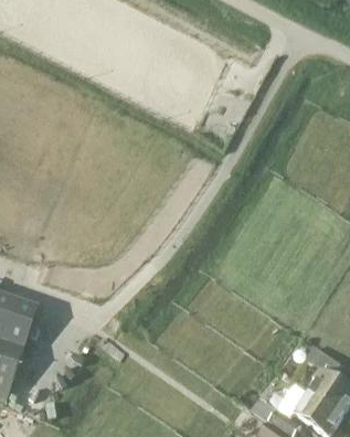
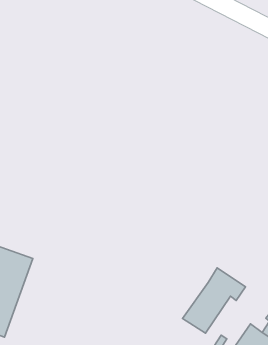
building: none -> [183,268,246,333]

